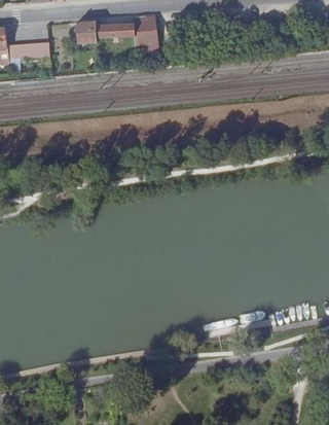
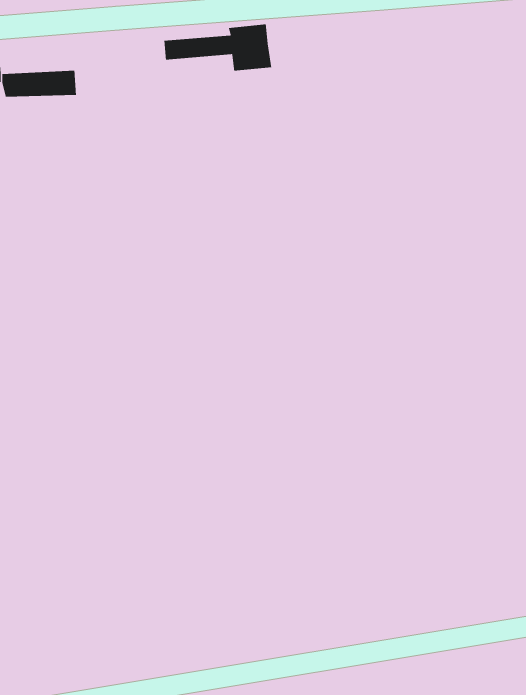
building: [79,20,100,42] -> none

